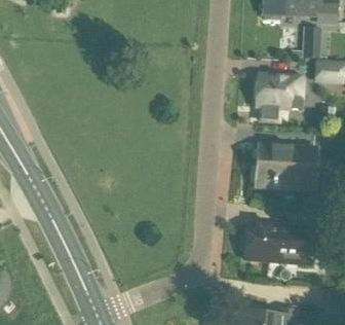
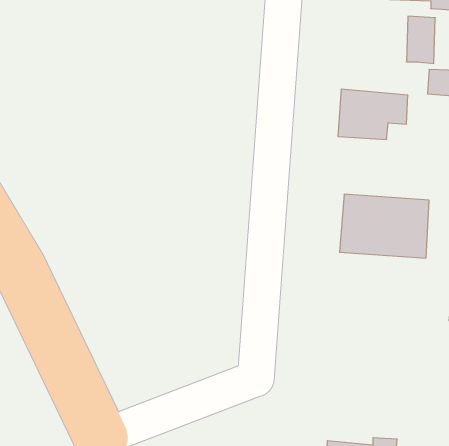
building: [239,224,314,264] -> none

